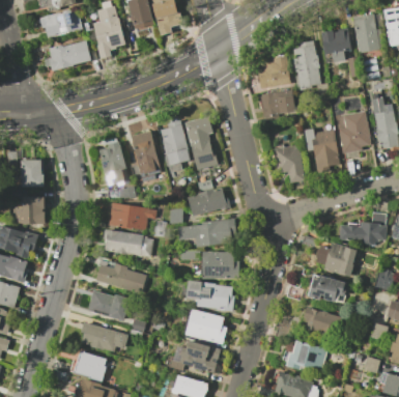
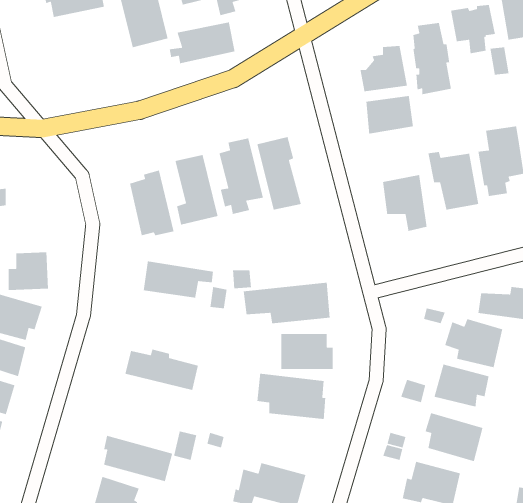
building: [45,41,90,70] -> [169,22,236,64]
building: [20,159,45,188] -> none
building: [188,179,230,217] -> none
building: [105,230,152,255] -> none
building: [87,290,130,320] -> none
building: [186,309,229,345] -> none

